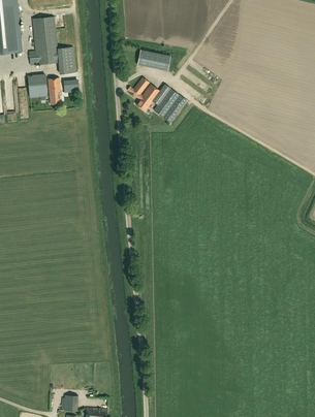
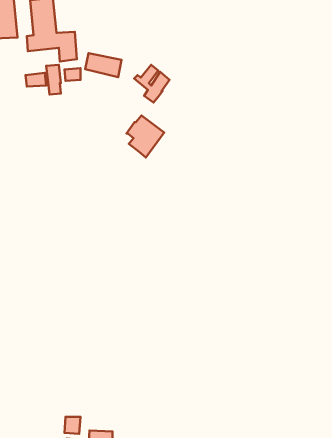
building: [136,49,169,70] -> [85,53,122,77]
building: [151,84,185,122] -> [127,115,164,158]

